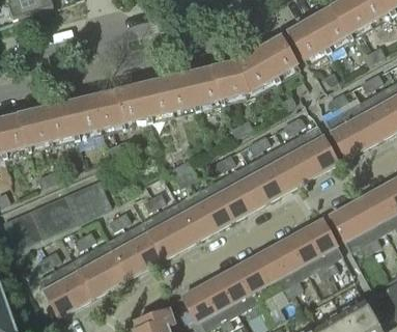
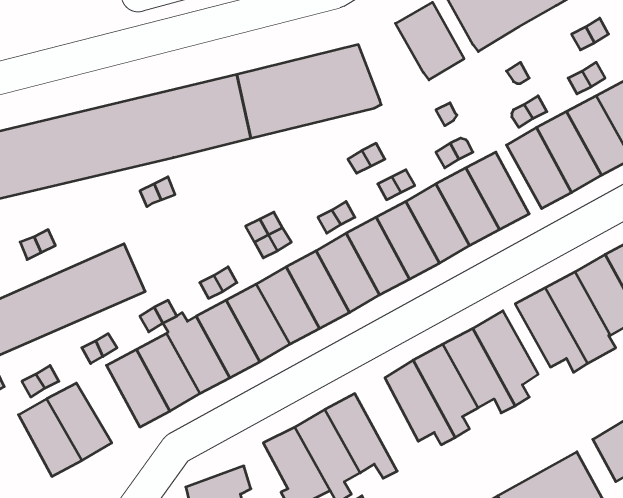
building: [237,48,279,95] -> none
building: [72,249,109,295] -> none
building: [235,256,273,311] -> none

